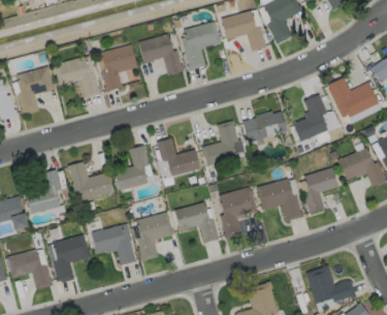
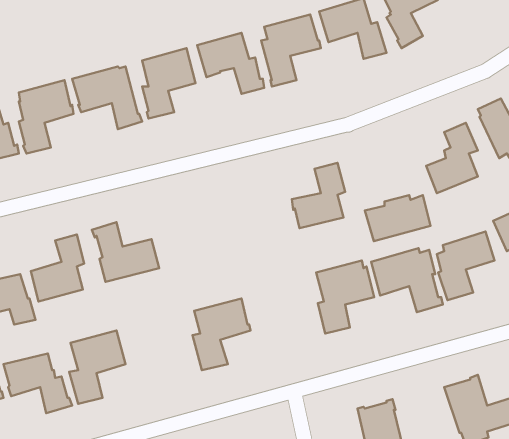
building: [243,111,287,141] -> [365,195,430,241]
building: [157,138,200,180] -> none
building: [115,146,150,190] -> none
building: [174,202,220,243] -> none
building: [91,224,136,265] -> none

